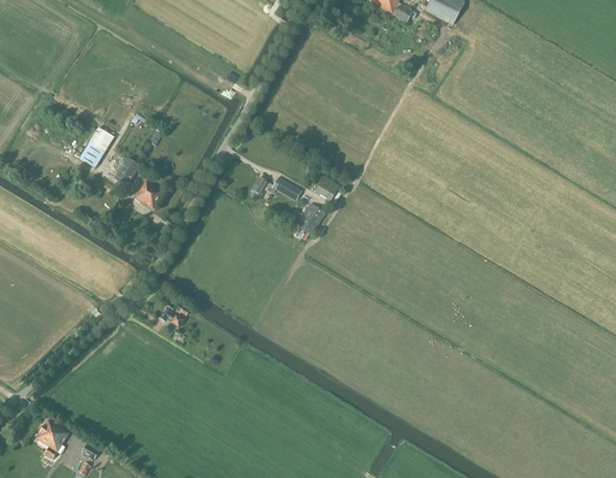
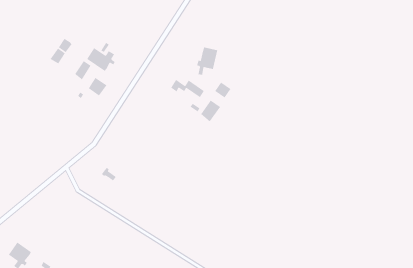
building: none -> [196,46,218,76]
building: none -> [86,47,116,72]

